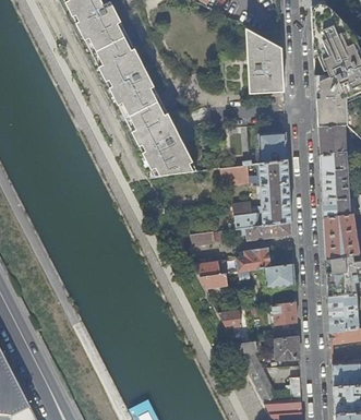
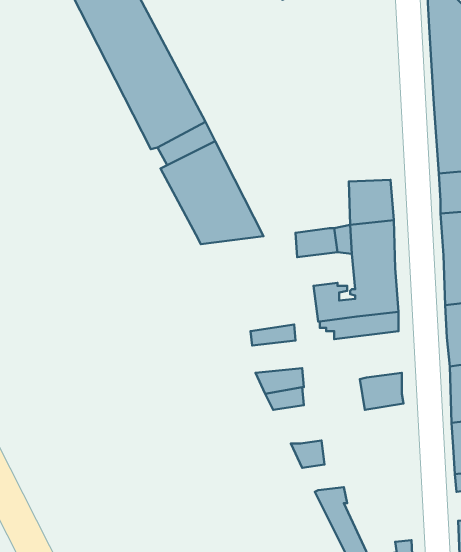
building: [245,27,284,92] -> none
building: [230,248,269,273] -> none
building: [272,301,297,325] -> none
building: [267,336,299,358] -> none

